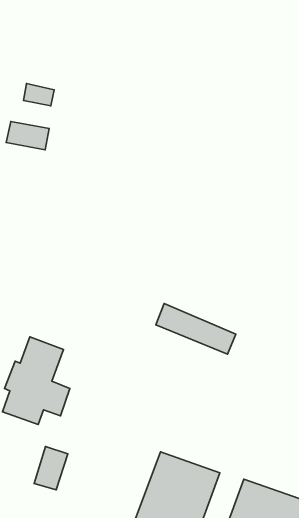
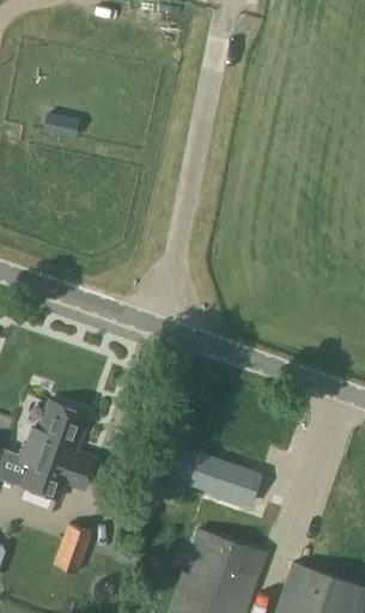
building: [6,121,49,150] -> none
building: [156,304,236,354] -> [169,447,260,504]

